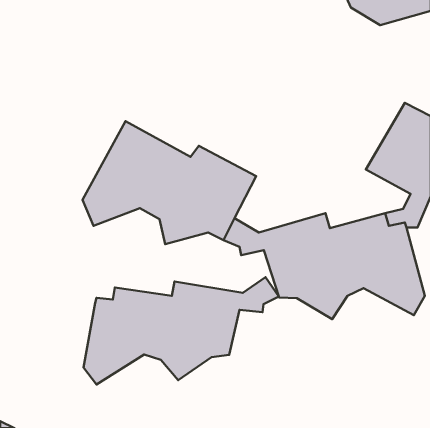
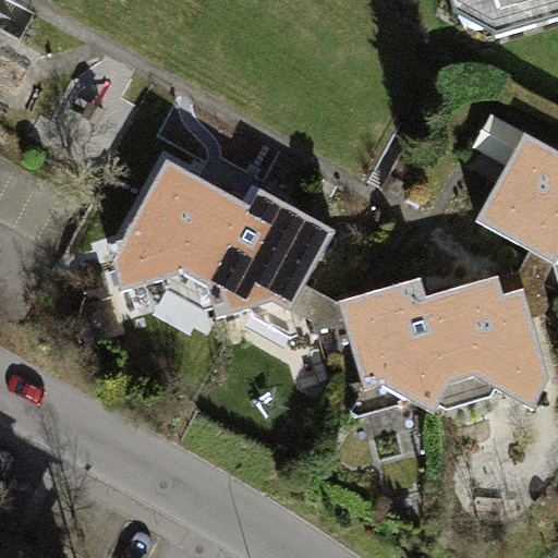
building: [84,277,279,384] -> none

